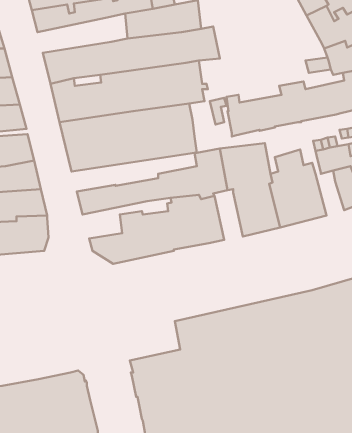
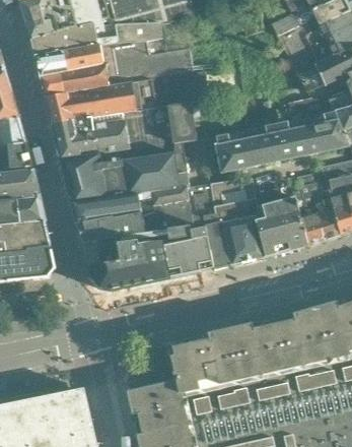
building: none -> [42,58,125,94]
building: none -> [73,187,189,222]
building: none -> [298,203,325,245]
building: none -> [204,220,231,268]
building: none -> [83,229,165,266]

